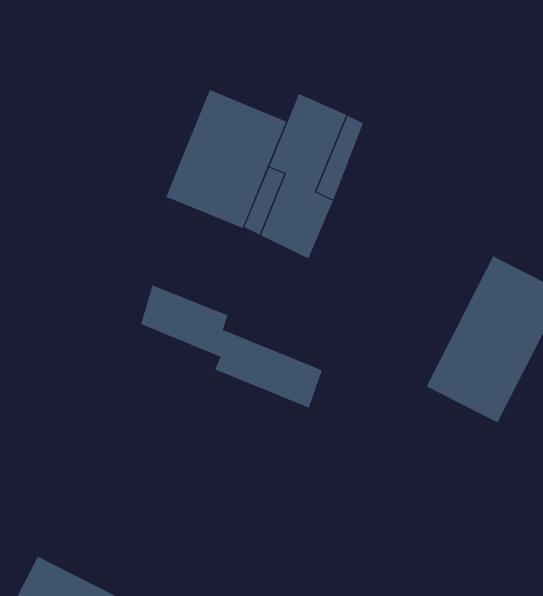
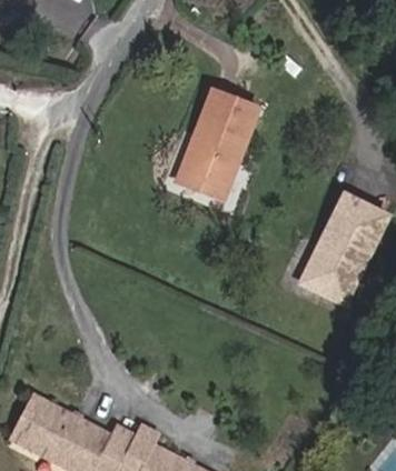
building: [165,89,287,229] -> none
building: [141,285,322,409] -> none

